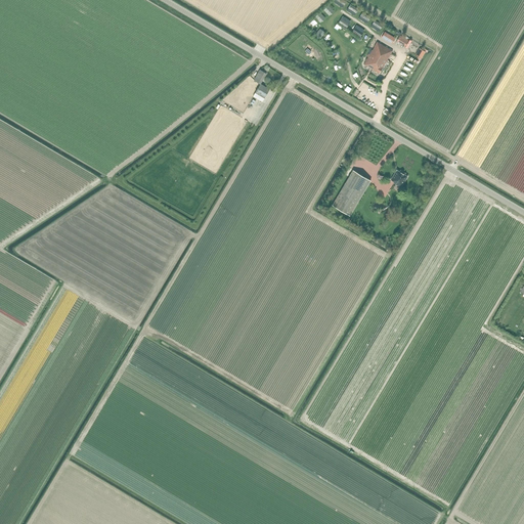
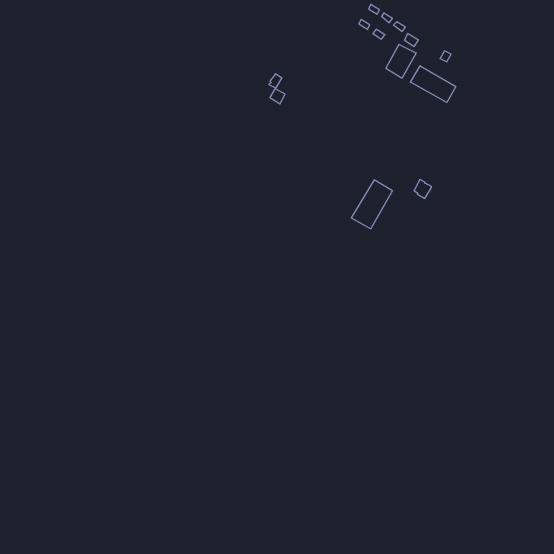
building: none -> [410,66,456,102]

